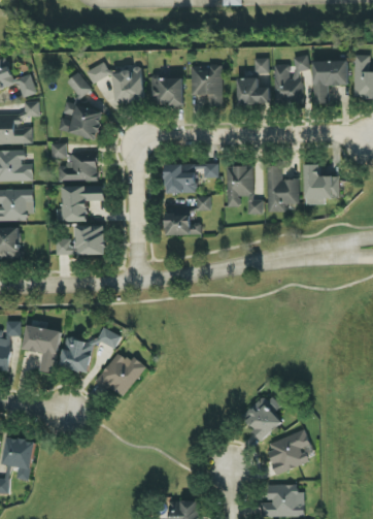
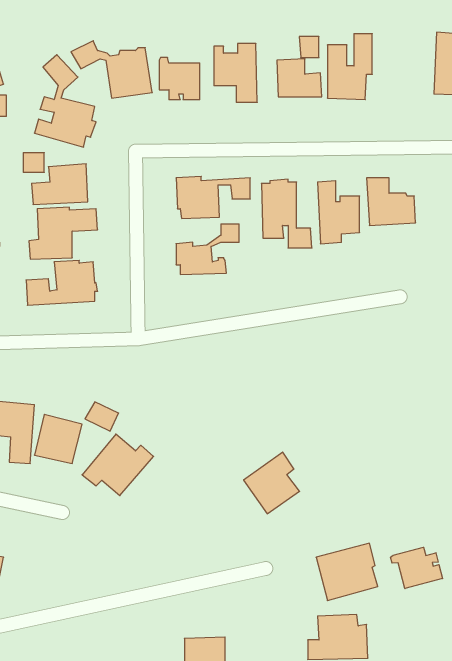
building: [313,60,350,104] -> none
building: [243,394,284,440] -> [244,452,300,514]
building: none -> [390,547,443,589]

